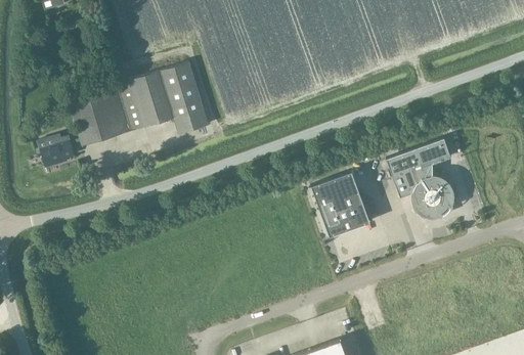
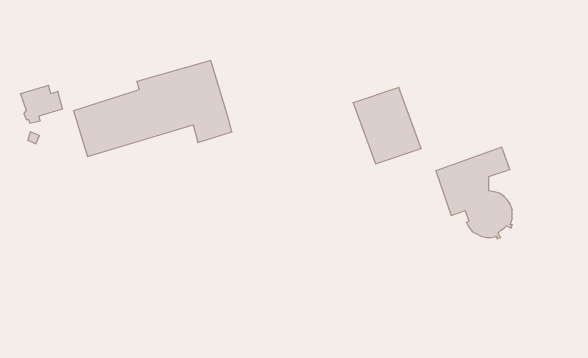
building: [38,135,75,168] -> [20,85,63,123]
building: [311,172,370,238] -> [353,87,421,164]

